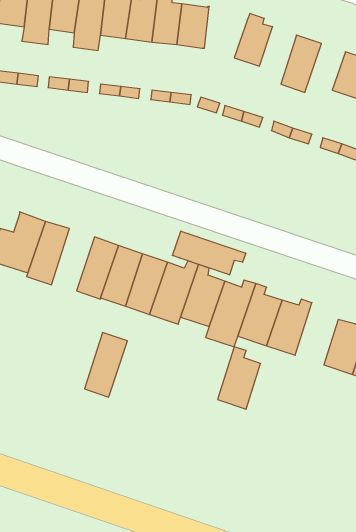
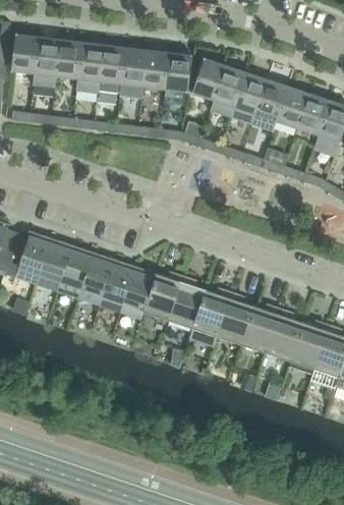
building: none -> [192,59,225,100]
building: none -> [232,73,267,122]
building: none -> [274,88,308,136]
building: [172,231,246,275] -> none
building: [85,333,127,397] -> [58,245,95,300]
building: [218,347,261,409] -> [266,308,302,361]

